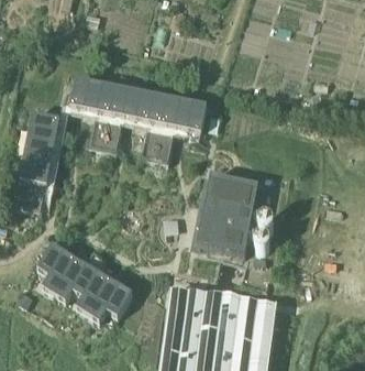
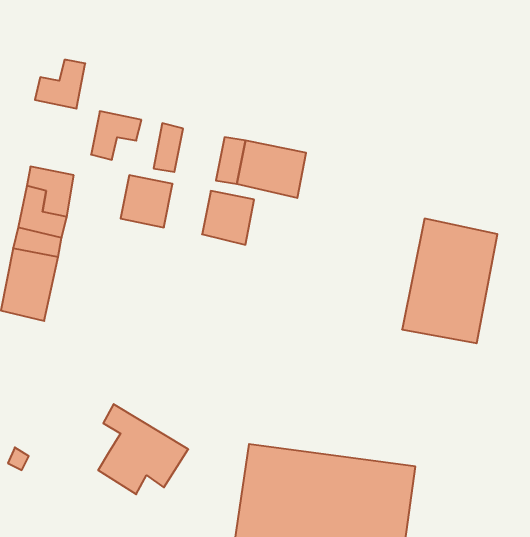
building: [84,81,115,112] -> [35,60,85,109]
building: [123,87,155,120] -> none
building: [197,173,257,252] -> [402,219,497,343]
building: [36,241,89,298] -> none

